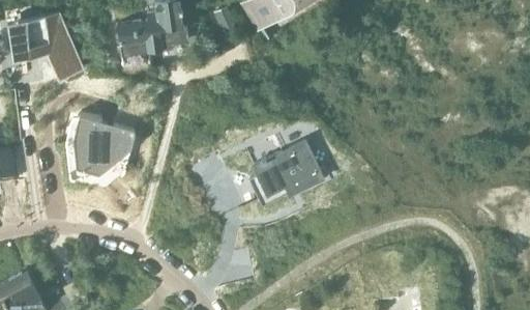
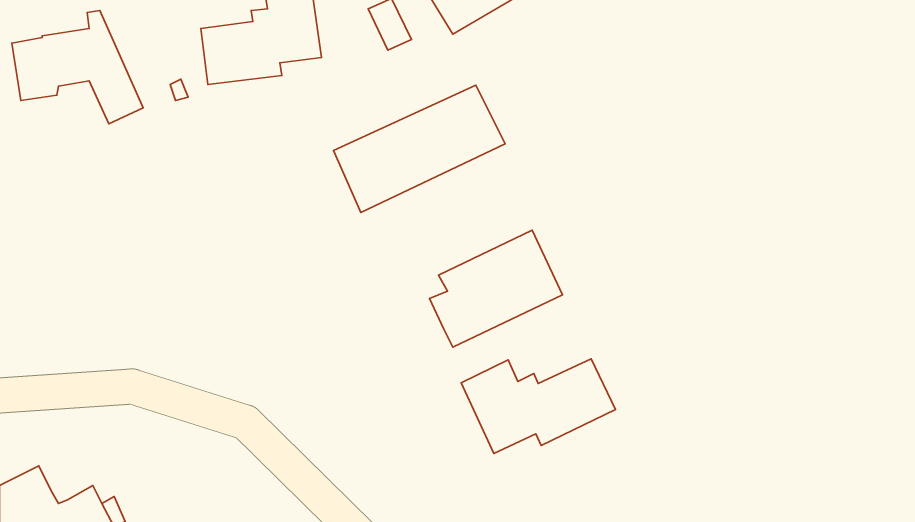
building: none -> [333,85,505,212]
building: [66,115,130,172] -> none
building: none -> [461,359,615,454]

